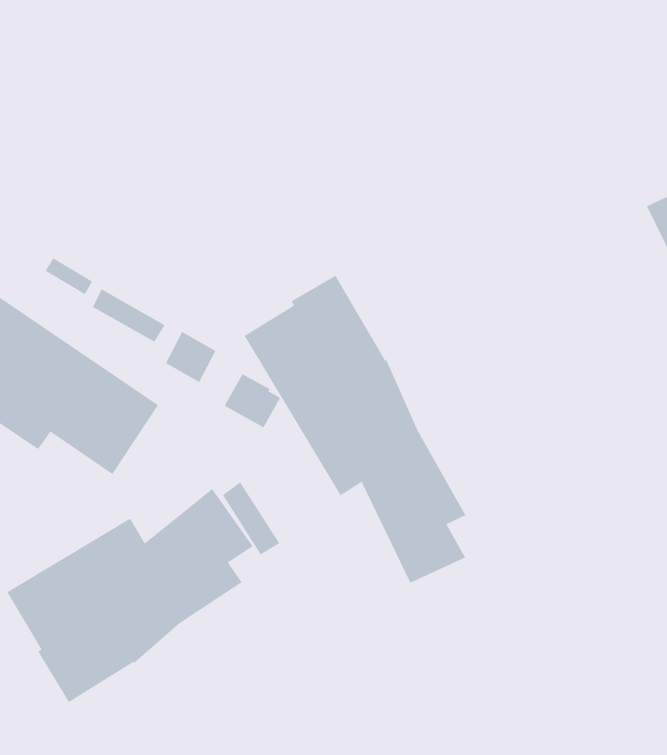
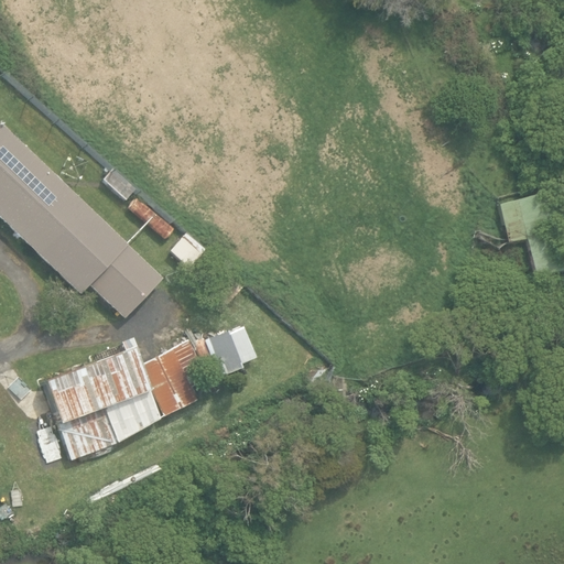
building: [244,275,466,584] -> none

